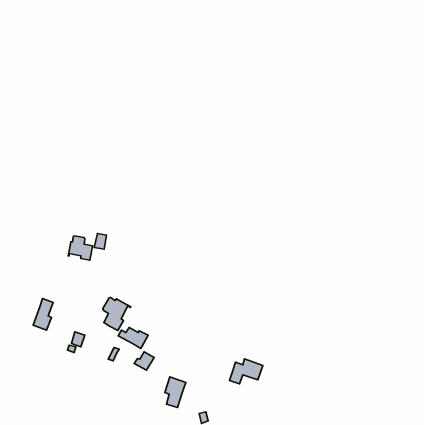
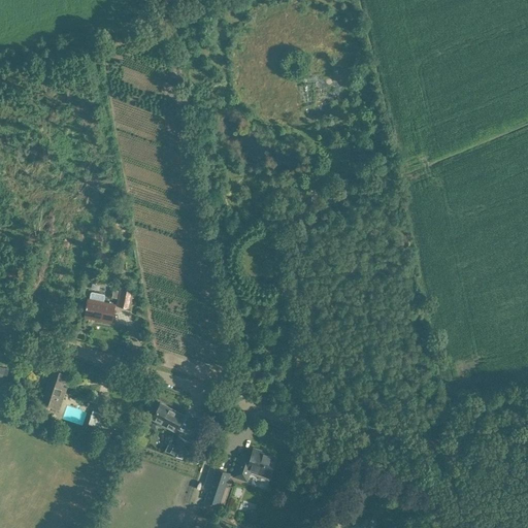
building: [103,298,131,330] -> none
building: [230,359,263,384] -> [236,451,277,482]

